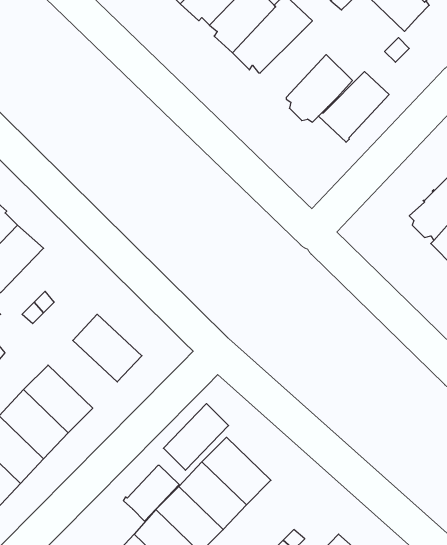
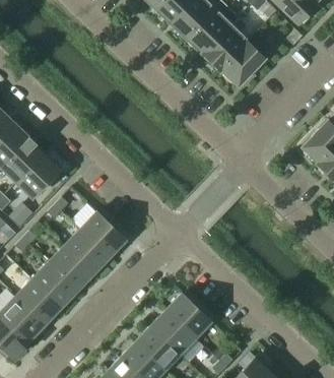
building: [318,72,389,142] -> [201,25,248,72]
building: none -> [64,230,110,274]
building: [163,404,229,470] -> none
building: [123,465,179,521] -> none

